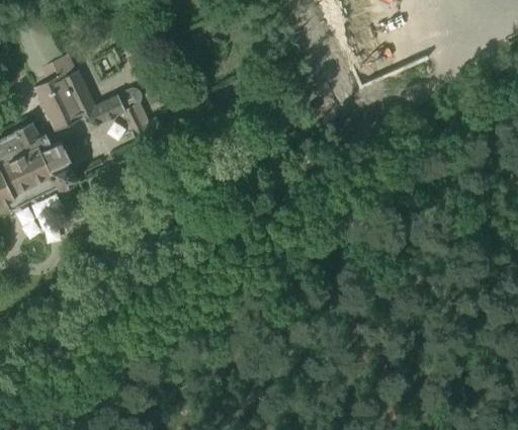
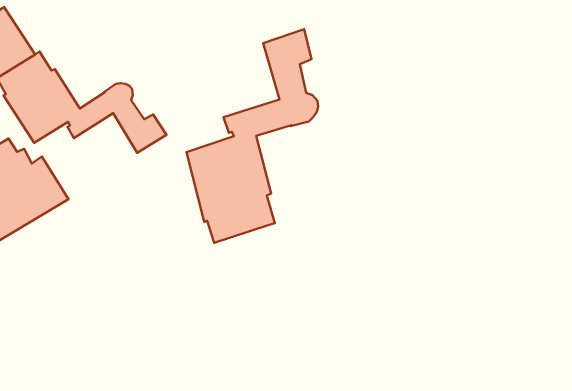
building: none -> [186,29,318,243]

